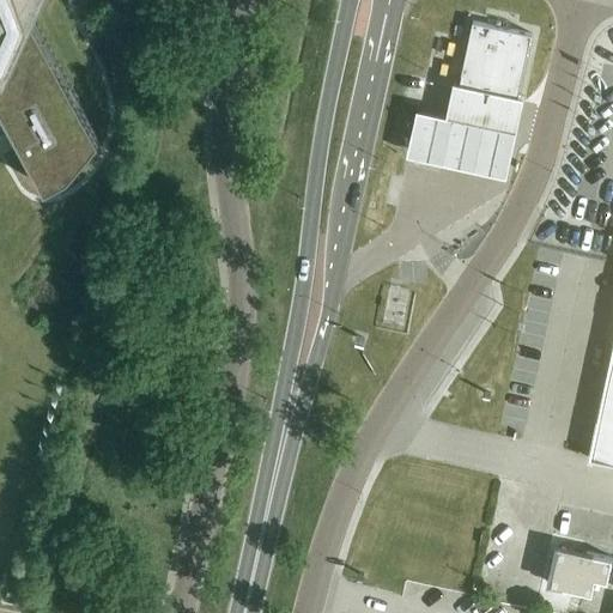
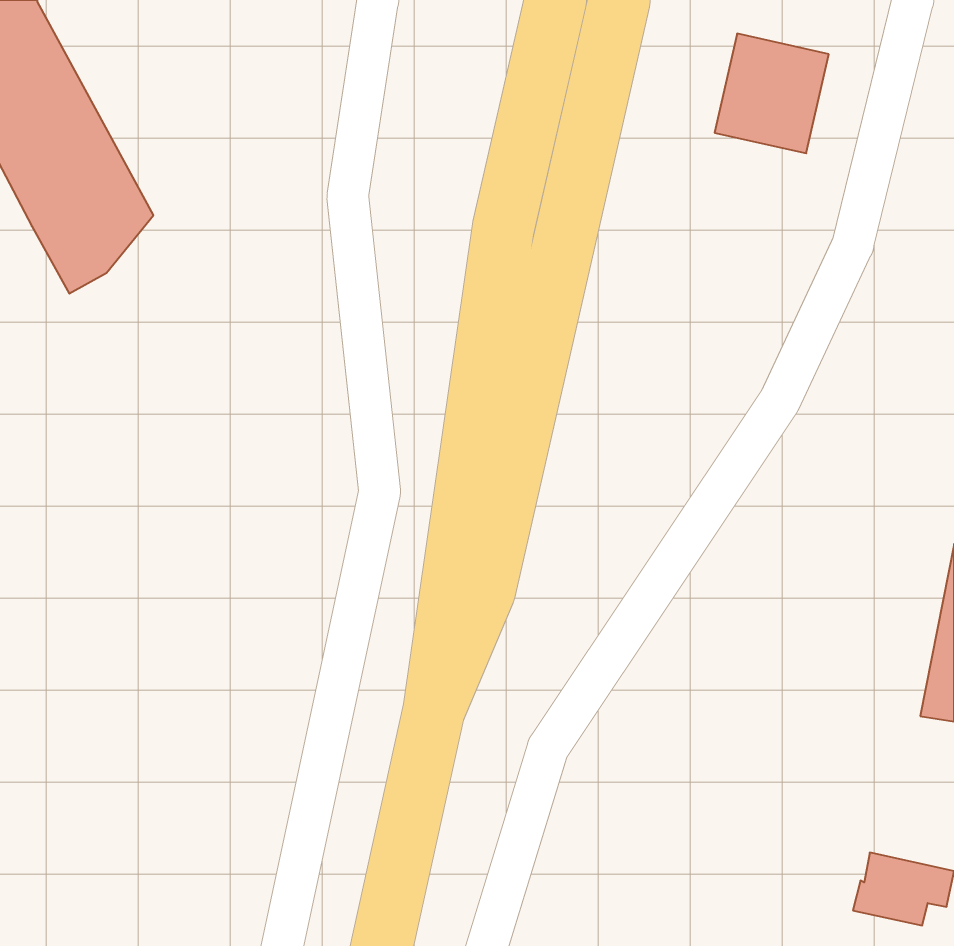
building: [405,86,523,182] -> none

